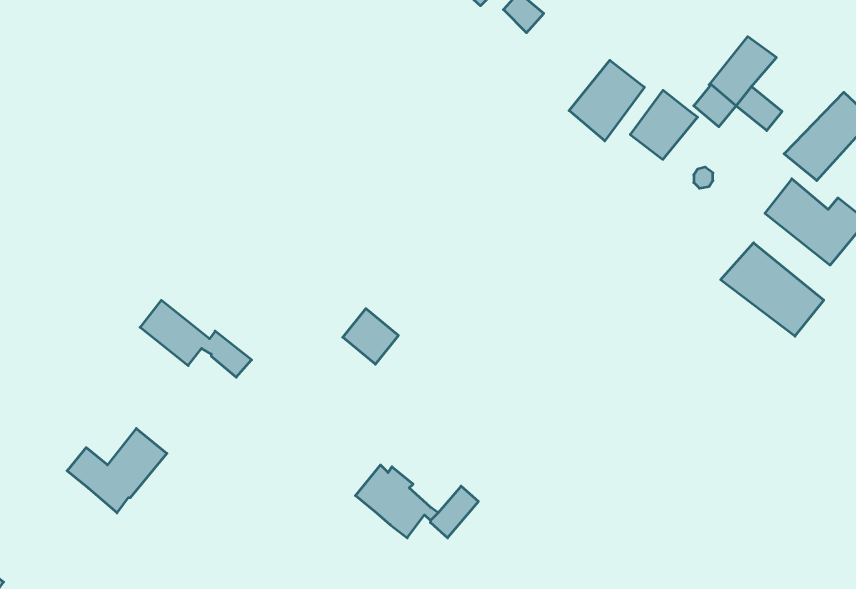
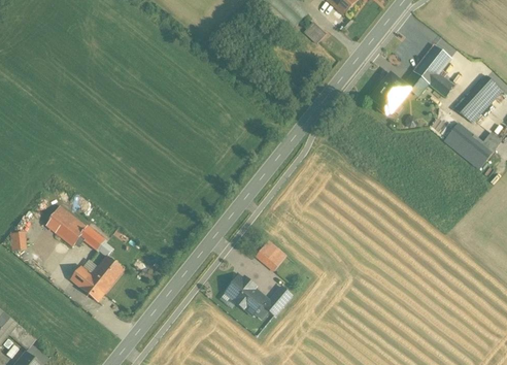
building: [569,60,644,141] -> none
building: [721,243,824,336] -> none
building: [140,300,252,377] -> [45,209,105,251]
building: [343,309,398,364] -> [255,240,284,270]

